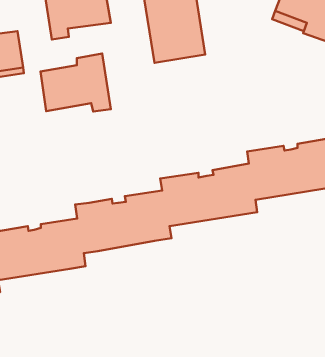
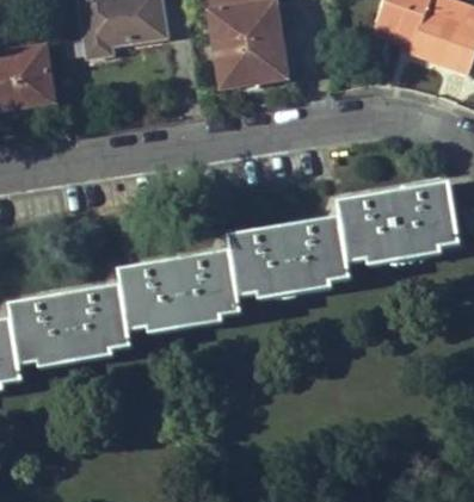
building: [41,53,111,112] -> none

